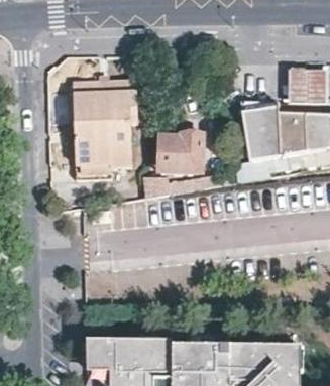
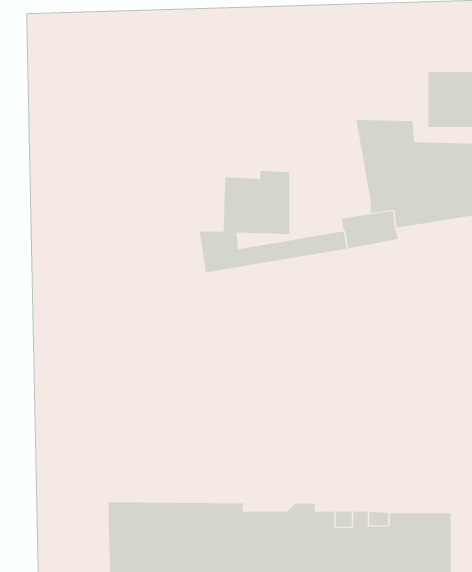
building: [74,77,138,175] -> none

